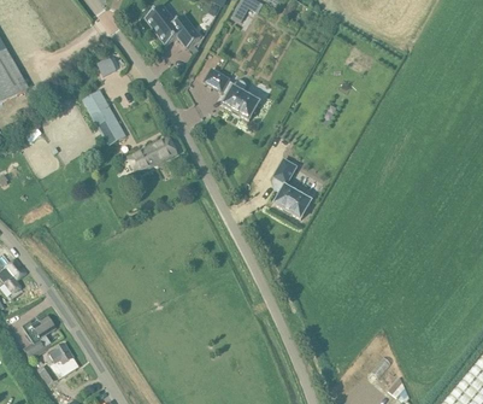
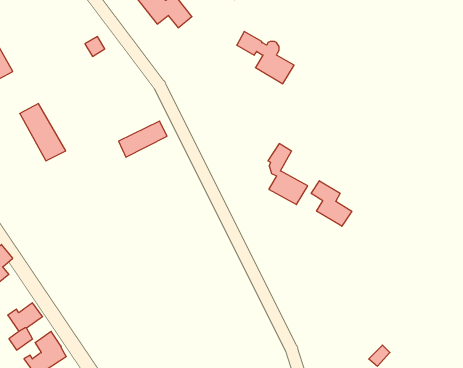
building: [205,69,260,119] -> [237,31,294,84]
building: [82,89,126,145] -> [20,104,66,161]
building: none -> [311,181,352,226]

